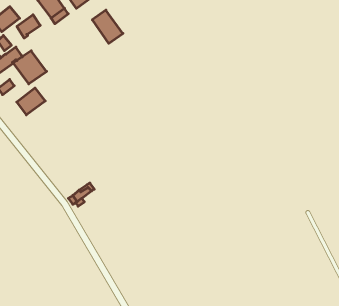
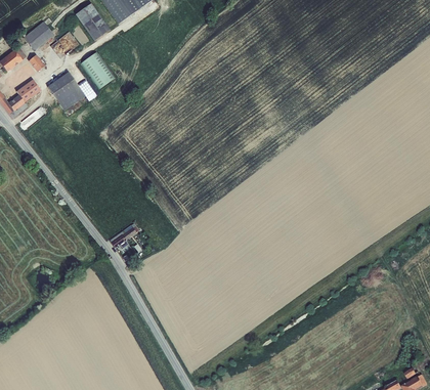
building: [92,10,123,43] -> [81,51,116,89]
building: [17,88,45,115] -> none

